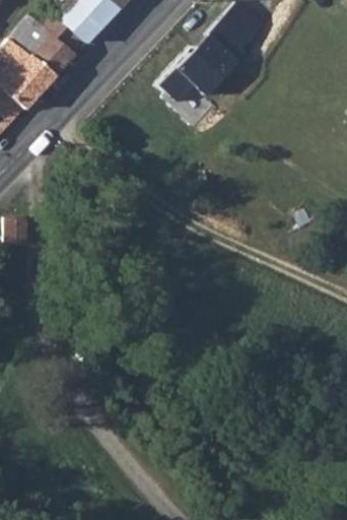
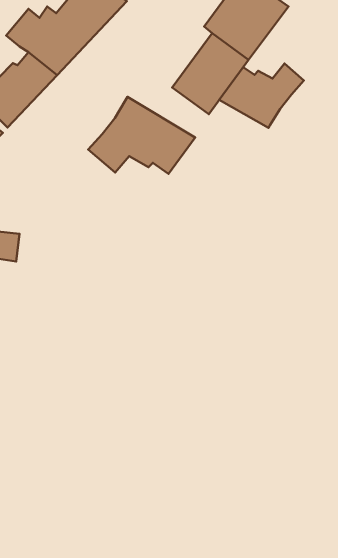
building: none -> [219,64,304,128]
building: none -> [88,97,195,174]

